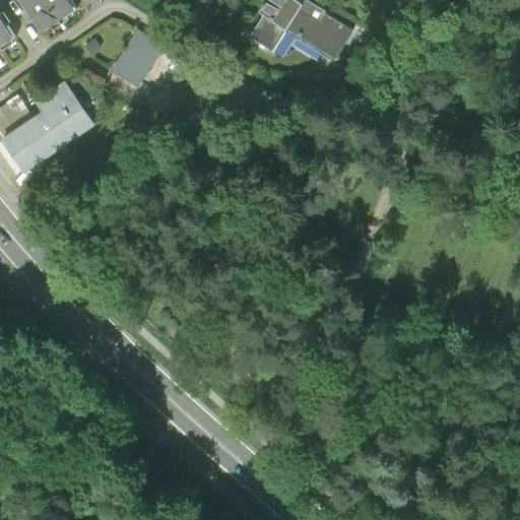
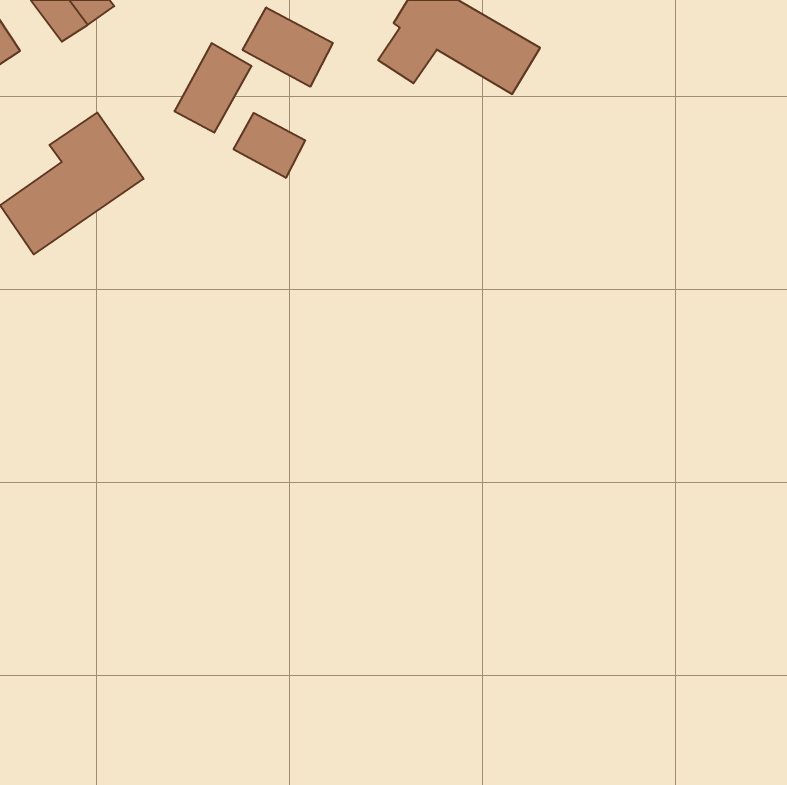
building: none -> [243,7,333,87]
building: none -> [234,113,305,178]

